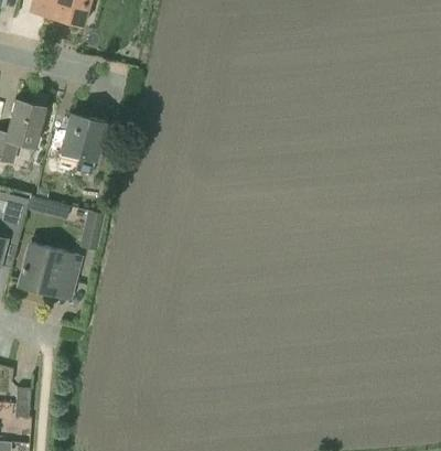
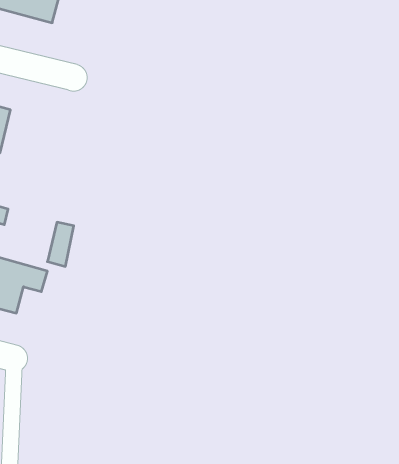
building: [62,114,106,159] -> none

